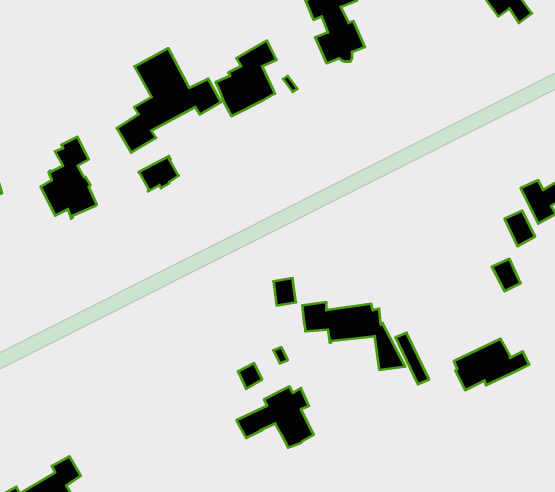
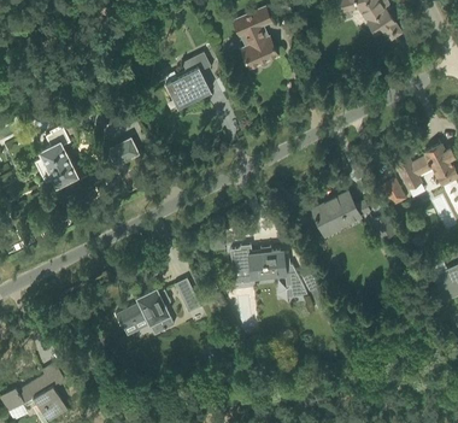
building: [117,48,221,153] -> none
building: [454,339,529,390] -> [312,193,369,231]
building: [237,387,314,448] -> [116,288,174,334]

